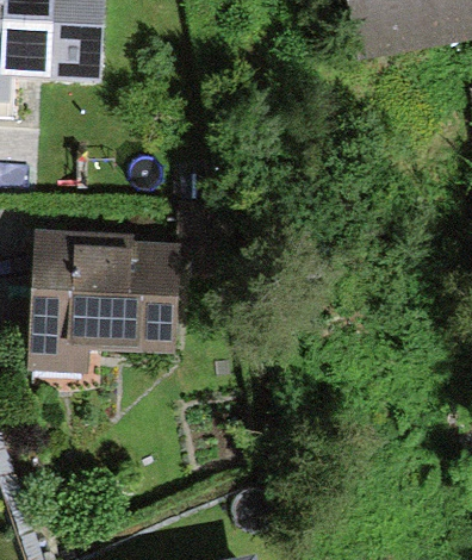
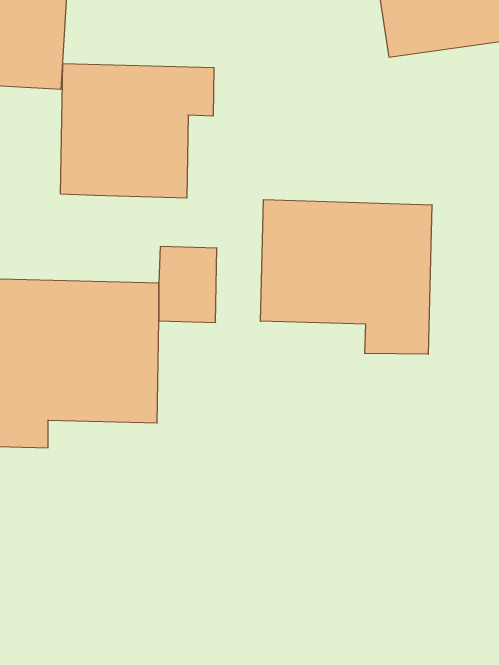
building: none -> [61,64,214,198]
building: none -> [260,200,432,354]

